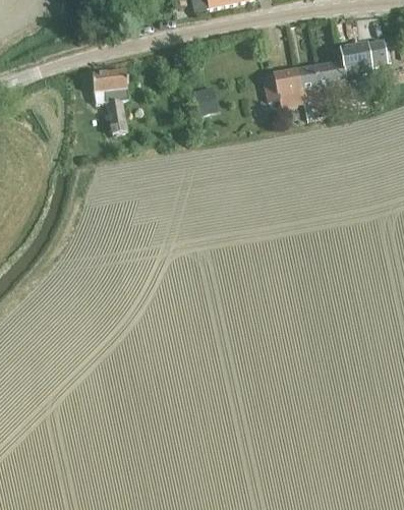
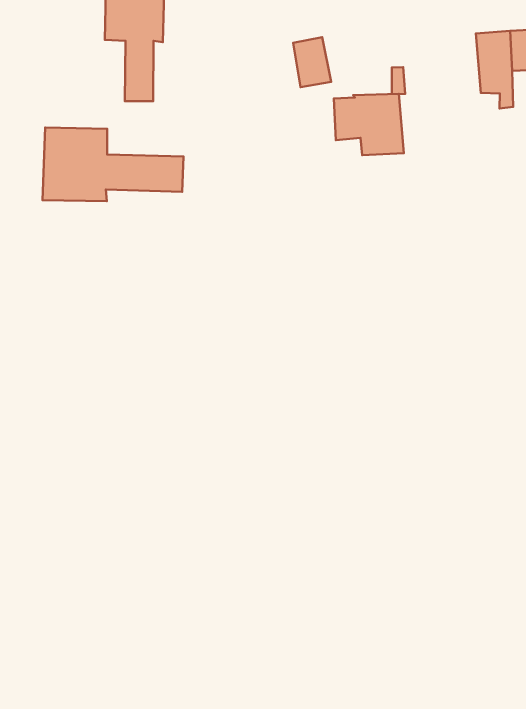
building: [259,69,301,105] -> [334,94,404,155]
building: none -> [43,128,184,201]

